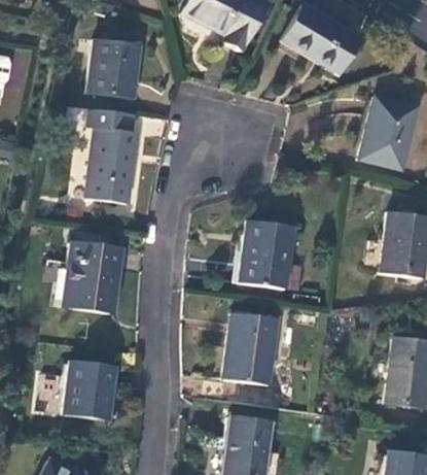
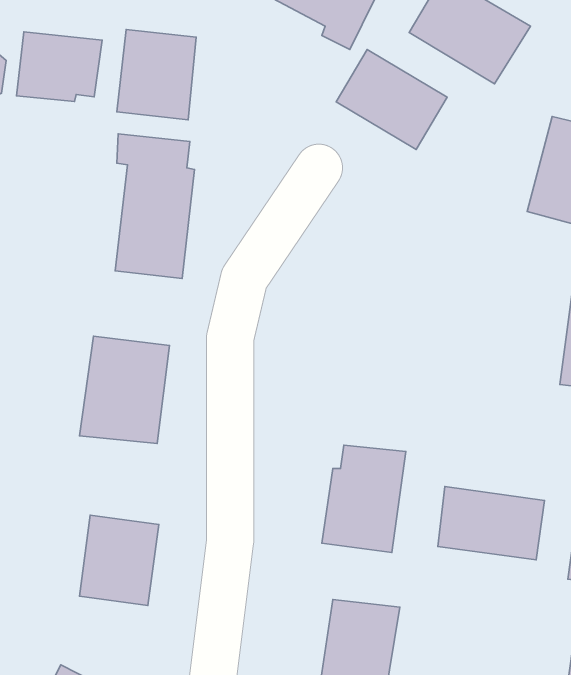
building: none -> [17,32,102,102]
building: none -> [336,50,447,150]
building: [239,218,295,289] -> none
building: none -> [438,486,544,560]

